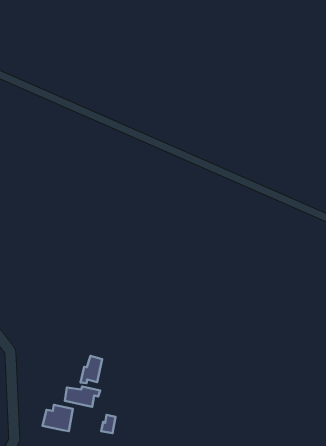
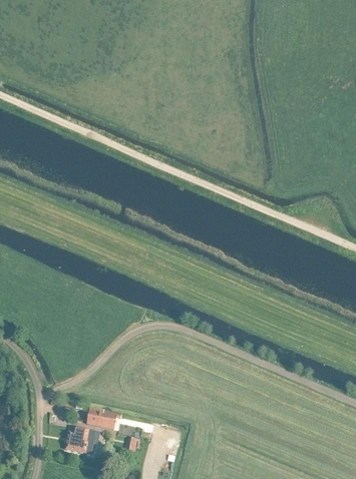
building: [81,356,102,383] -> none

